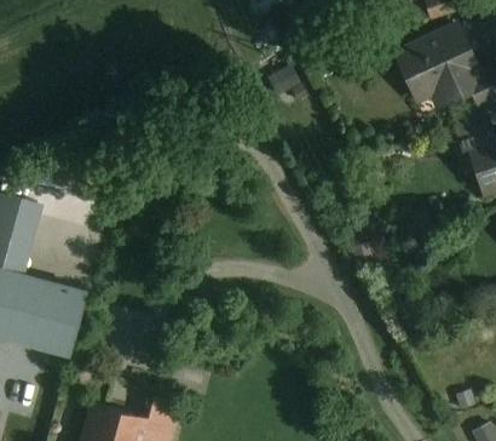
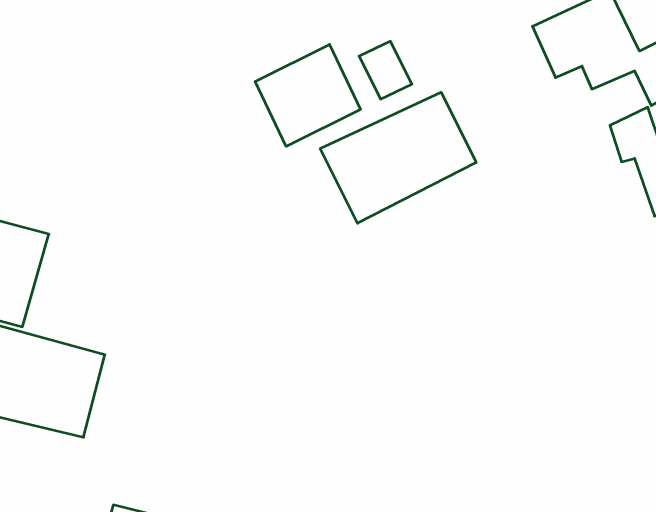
building: none -> [255,44,360,146]
building: none -> [320,92,476,223]

